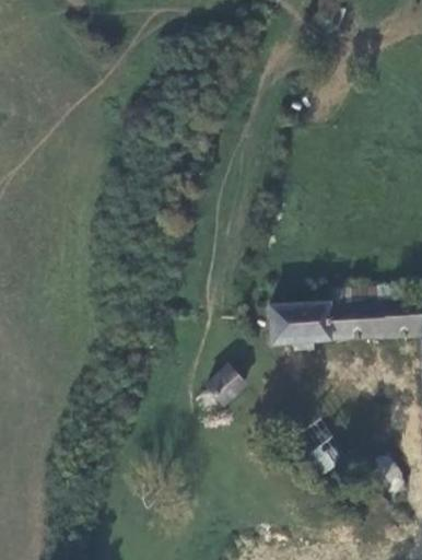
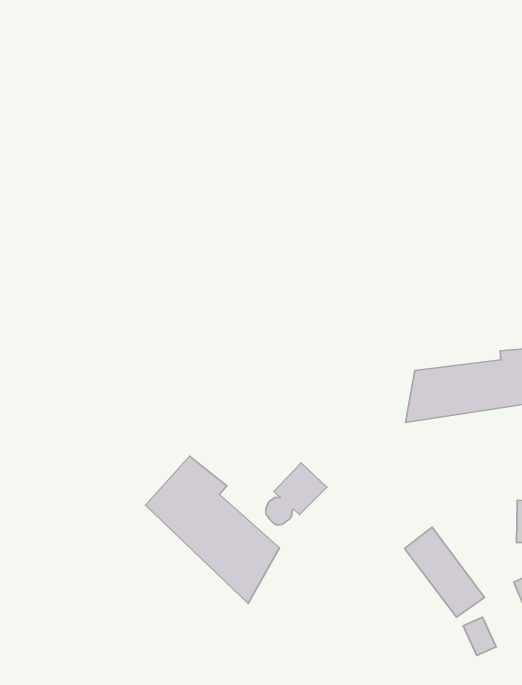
building: [276,307,319,348] -> none
building: none -> [145,456,280,604]

